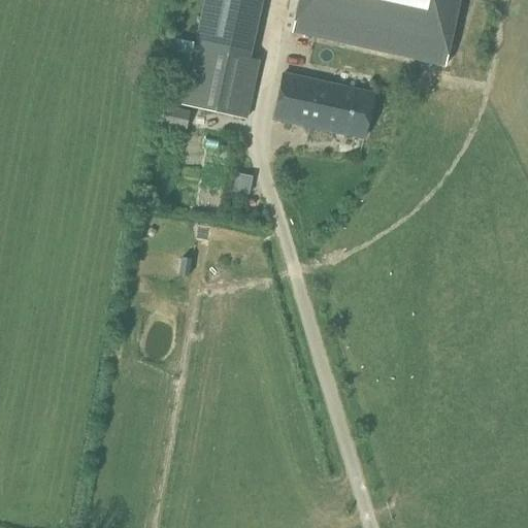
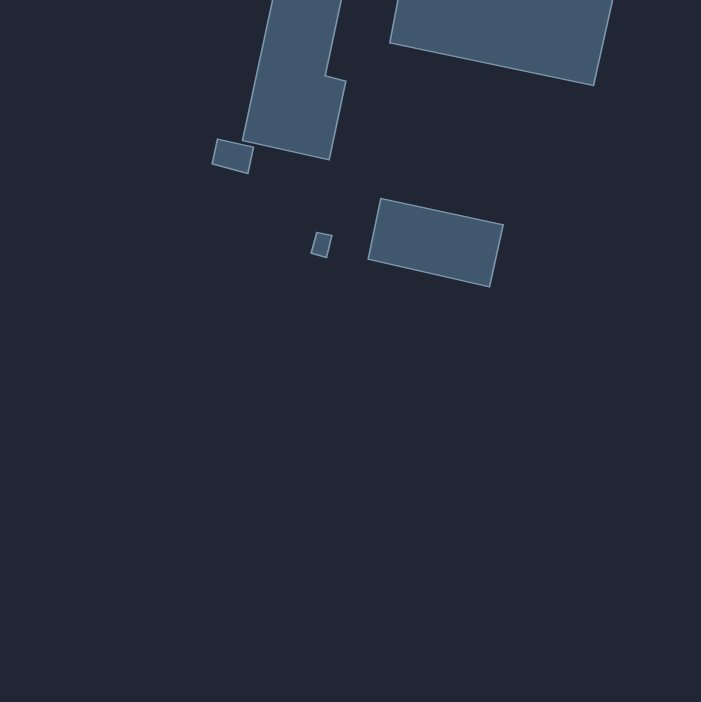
building: [274,73,375,139] -> [368,199,503,287]

